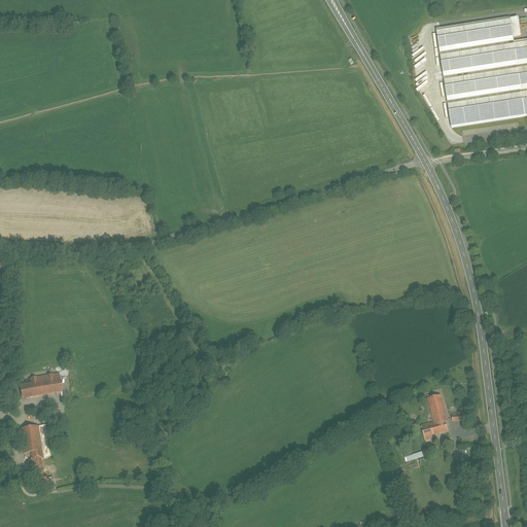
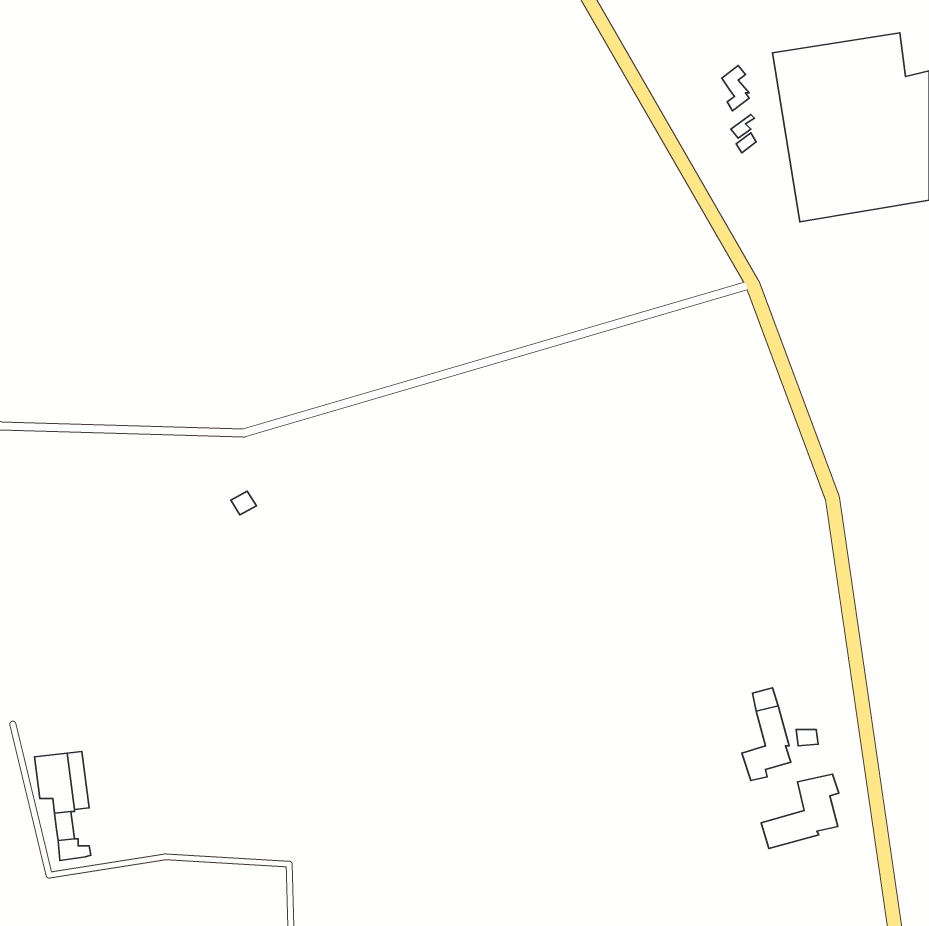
building: [19,373,62,399] -> none
building: none -> [761,774,839,848]

